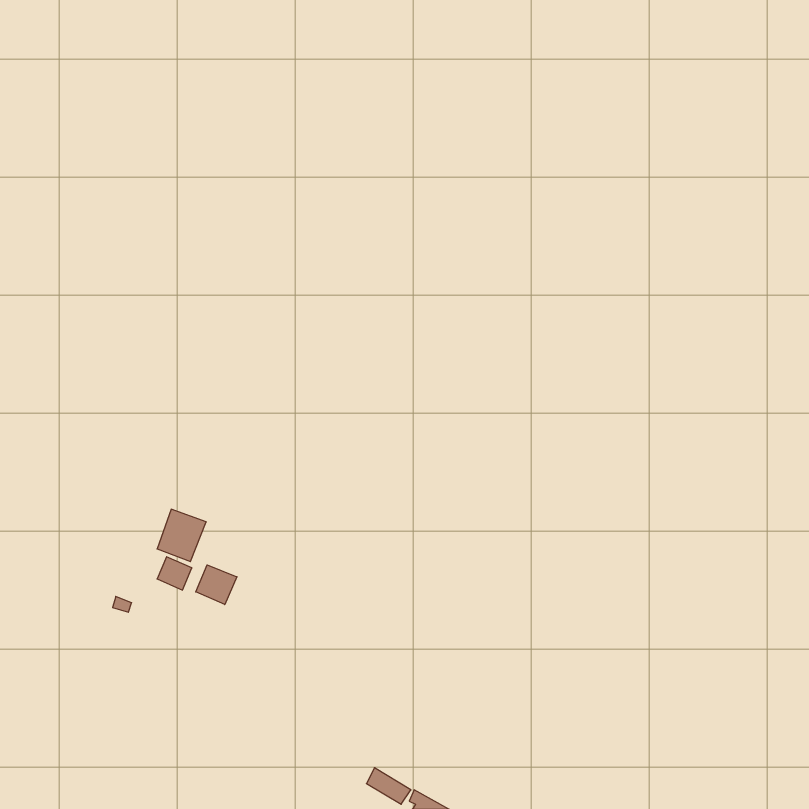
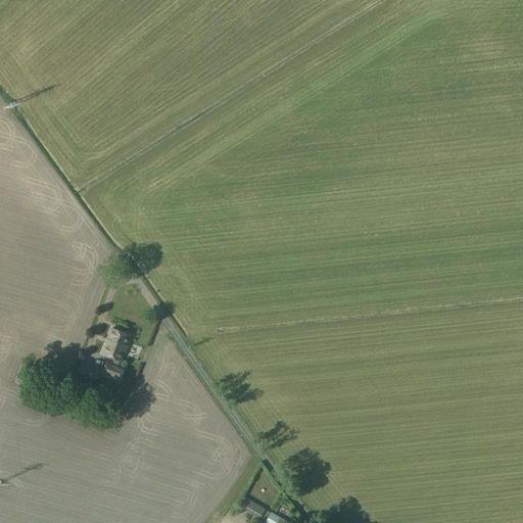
building: [196,565,237,605] -> none

